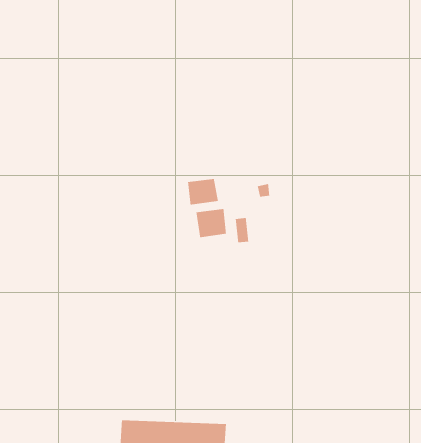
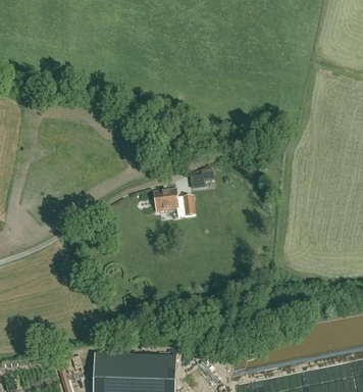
building: [187,178,219,205] -> none

